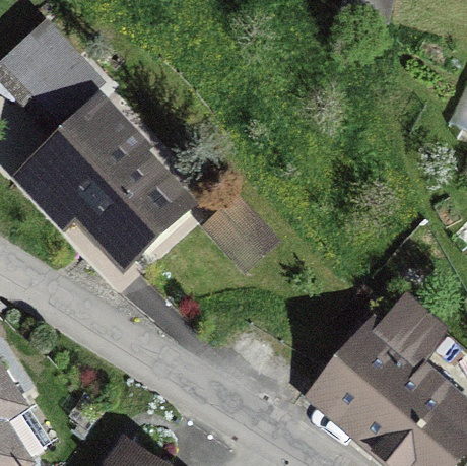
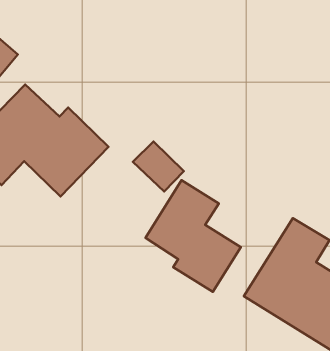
building: none -> [146,180,241,292]

